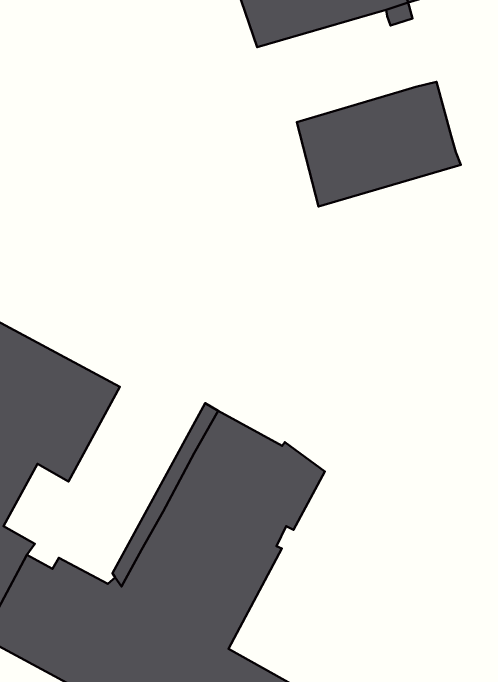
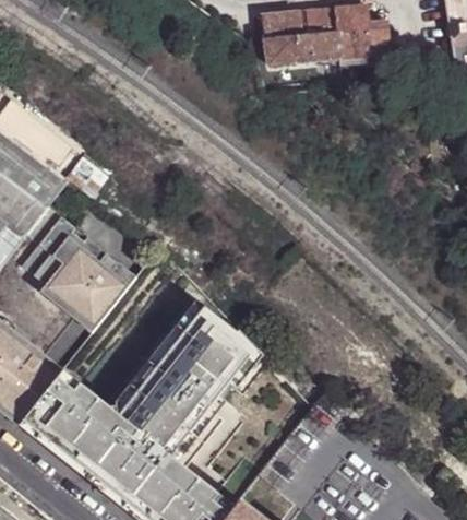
building: [297,82,461,206] -> none

